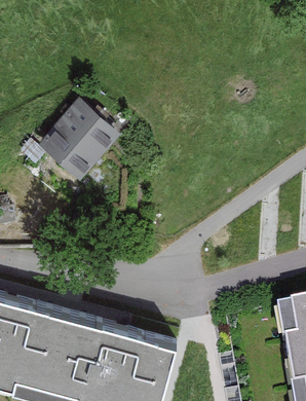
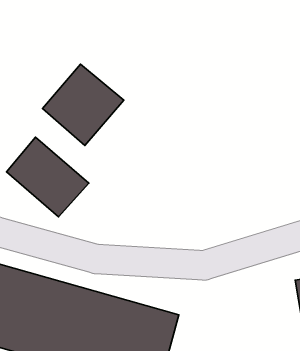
building: none -> [6,137,89,217]

